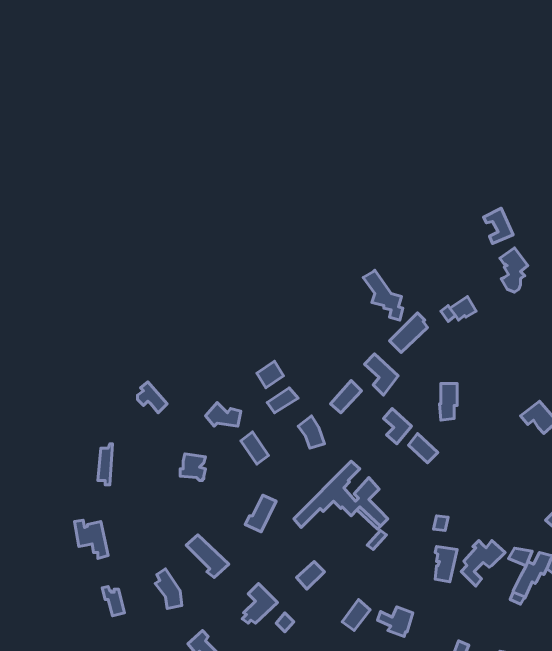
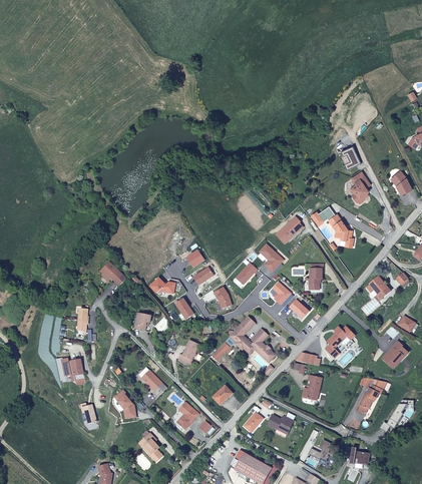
building: [363,270,403,320] -> [328,214,355,249]
building: [461,541,505,586] -> [325,327,355,358]

